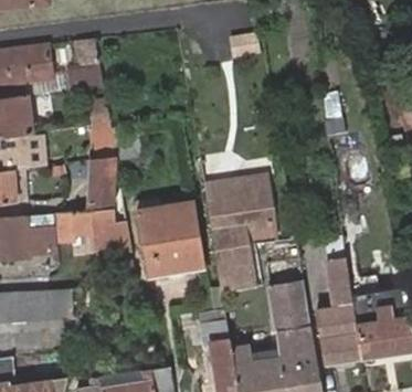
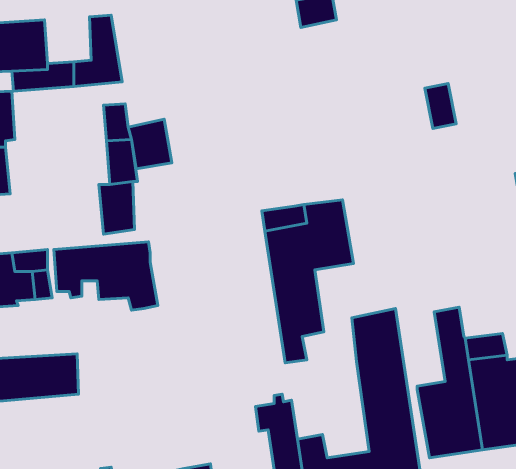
building: [126,205,205,280] -> none

